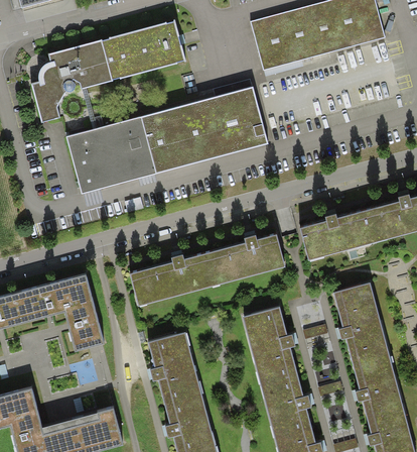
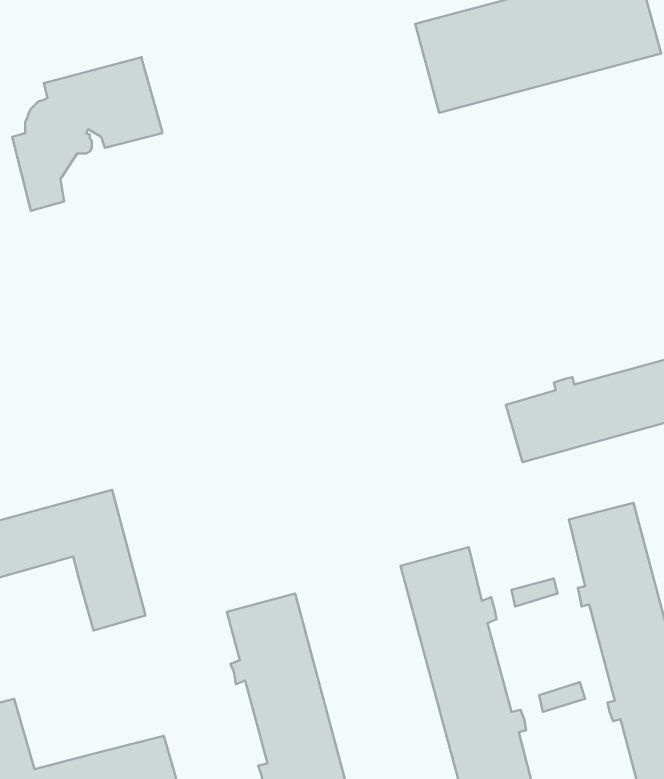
building: [102,20,185,79] -> none
building: [67,86,269,193] -> none
building: [130,234,284,305] -> none

